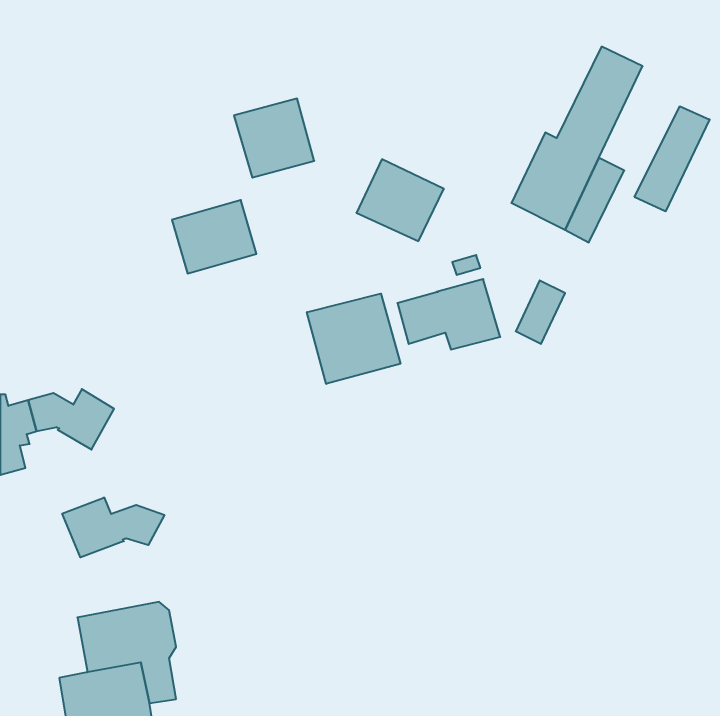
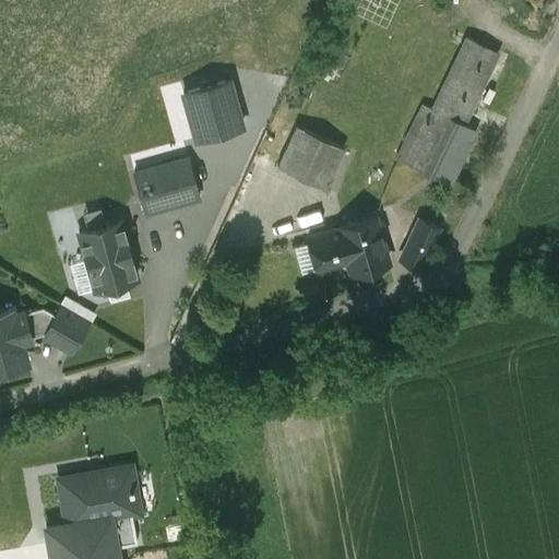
building: [635,106,710,211] -> none
building: none -> [79,221,136,301]
building: [307,294,400,384] -> none
building: [62,497,164,557] -> none

